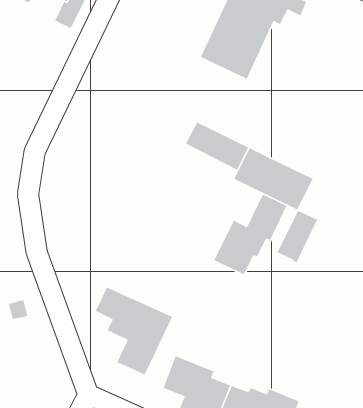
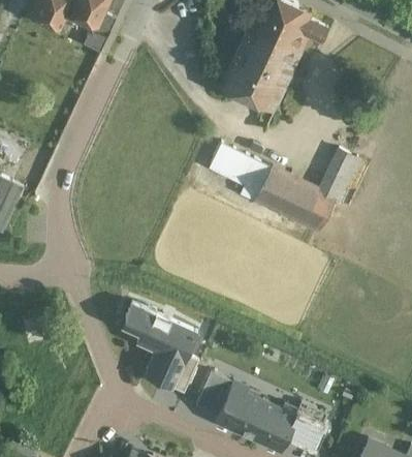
building: [213,193,287,275] -> none
building: [276,210,318,263] -> [317,149,357,201]

